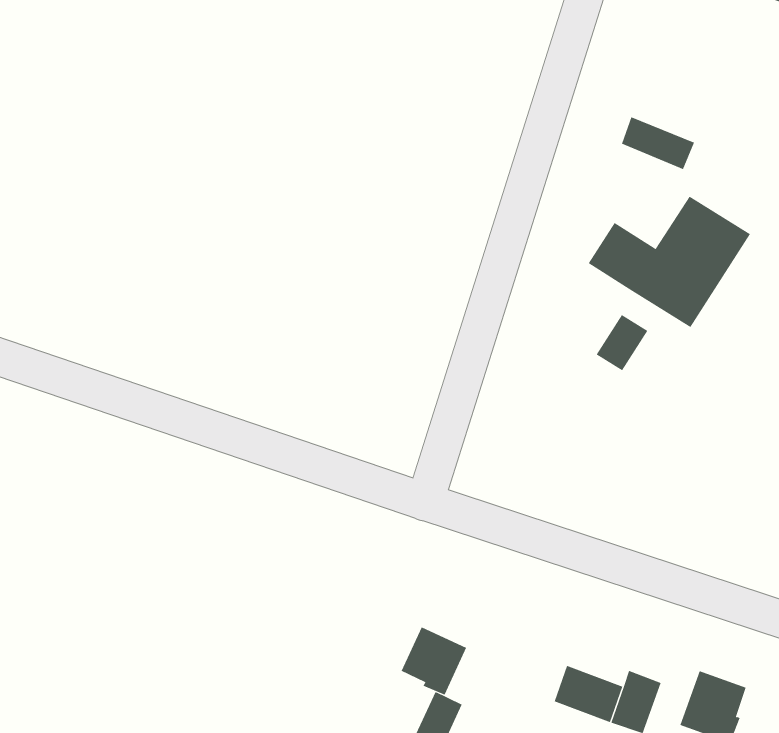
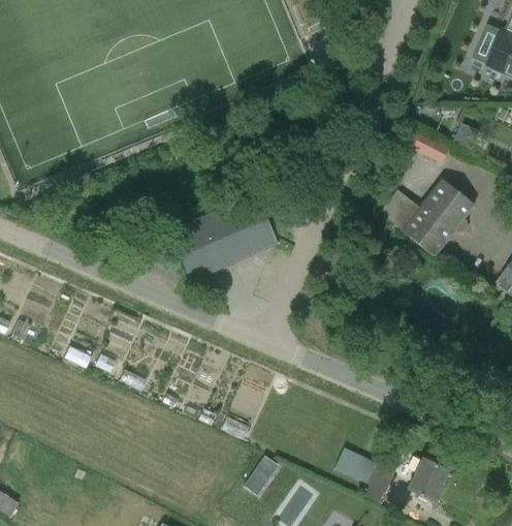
building: none -> [173,198,274,279]
building: [596,314,648,371] -> none
building: [401,627,467,695] -> none

